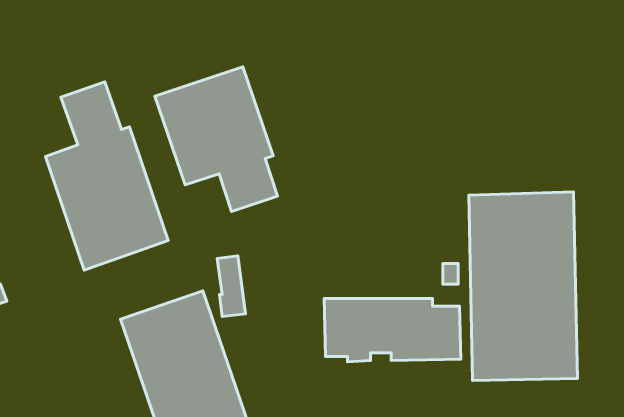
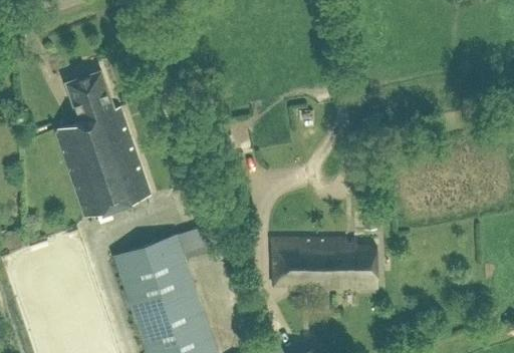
building: [155,67,277,211] -> none
building: [469,192,578,381] -> none

